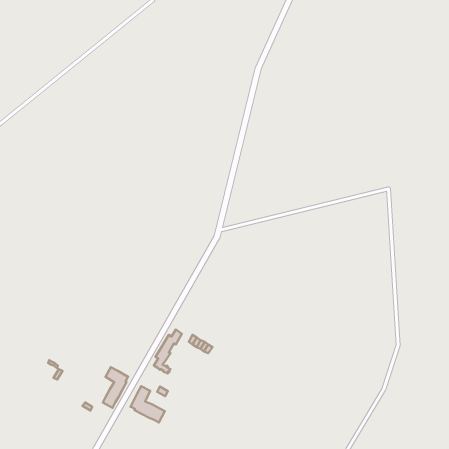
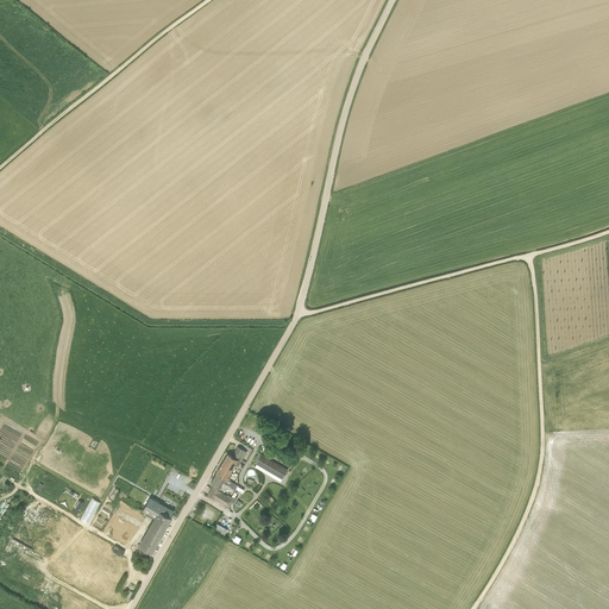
building: [131,386,165,422] -> none

